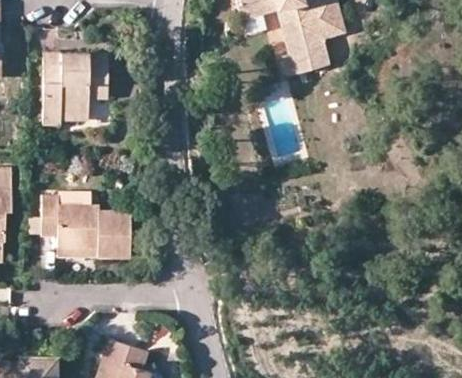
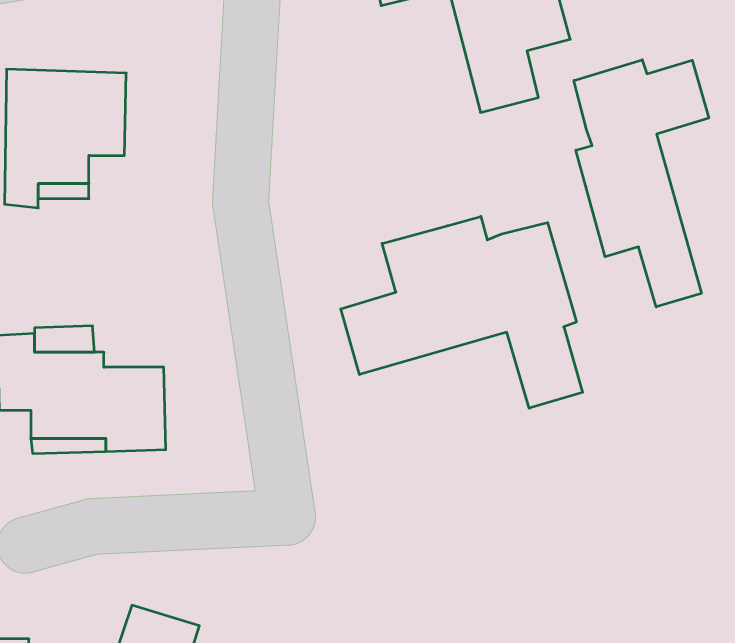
building: none -> [574,60,709,307]
building: none -> [341,216,583,408]

